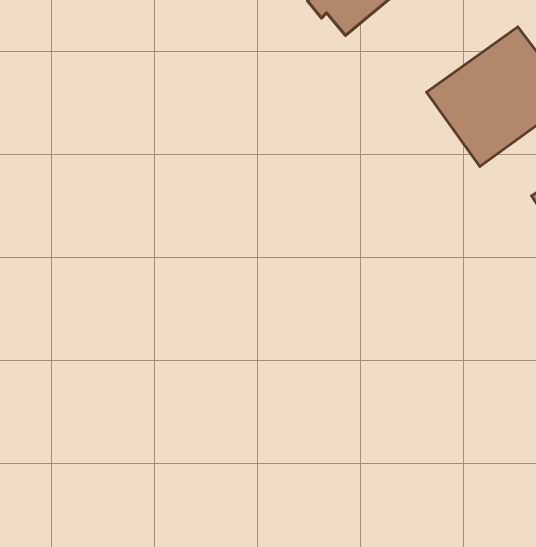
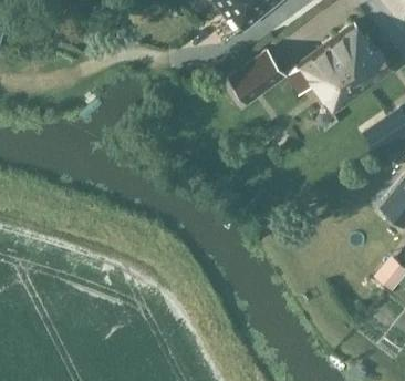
building: none -> [228,48,288,103]

